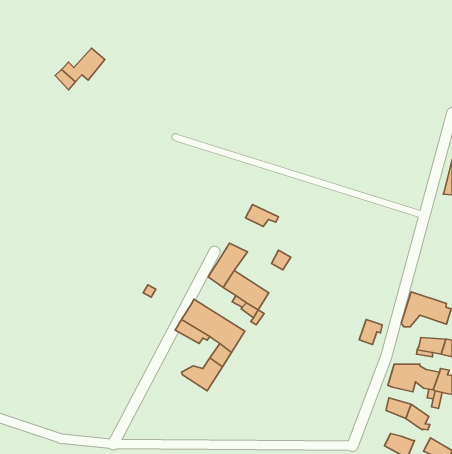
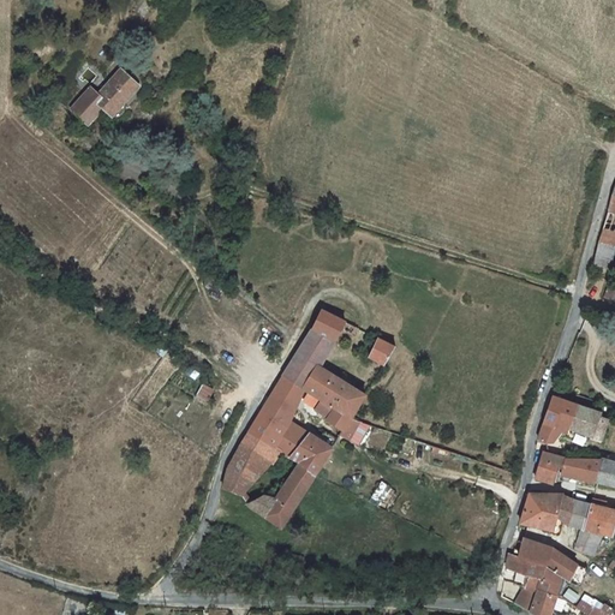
building: [245,204,278,227] -> [310,311,354,341]
building: none -> [262,375,301,422]
building: [359,319,382,344] -> [537,449,568,483]
building: none -> [221,447,269,496]
building: none -> [509,554,563,596]

